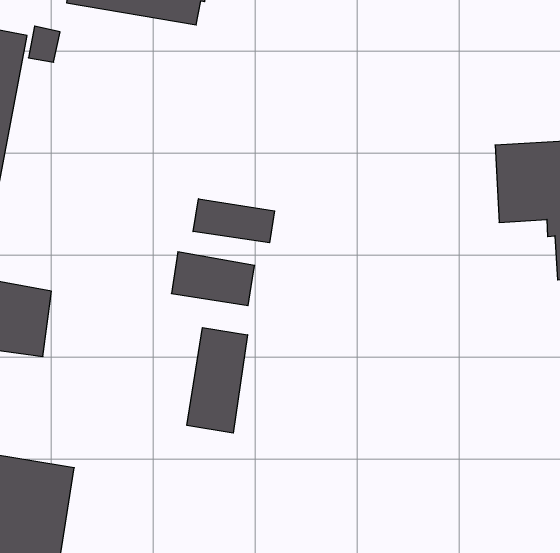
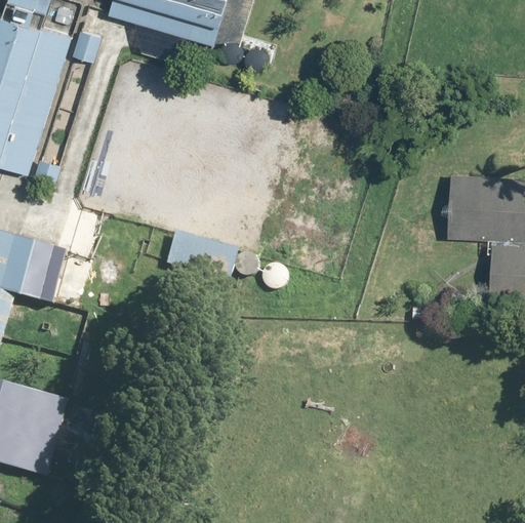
building: [193,199,275,243] -> none
building: [187,328,248,433] -> none

